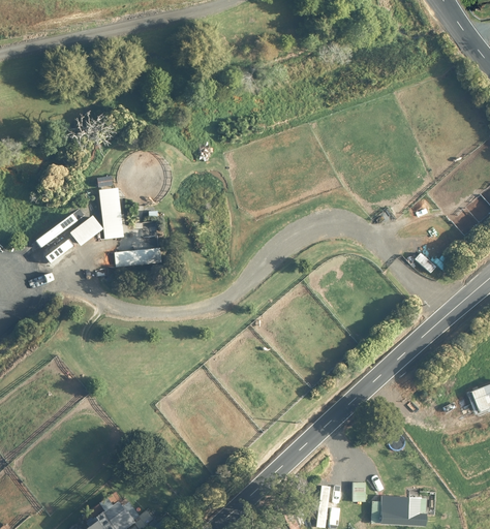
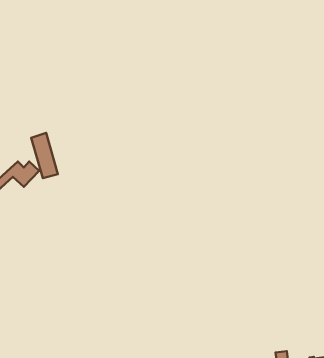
building: [116,247,161,266] -> none

